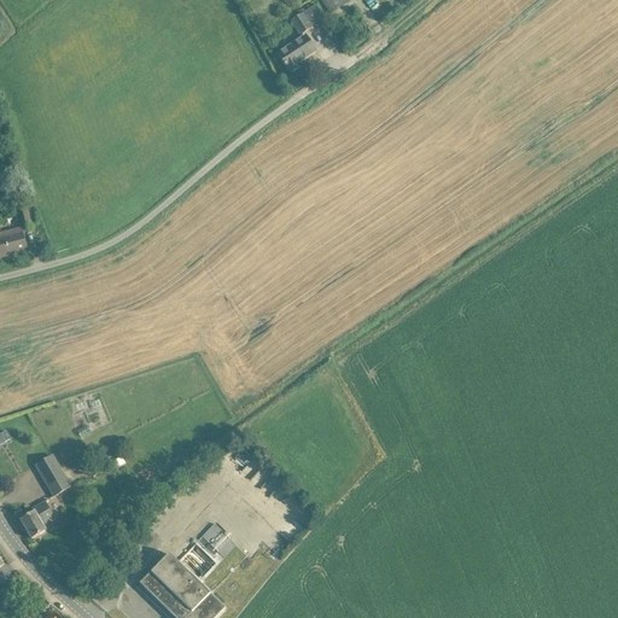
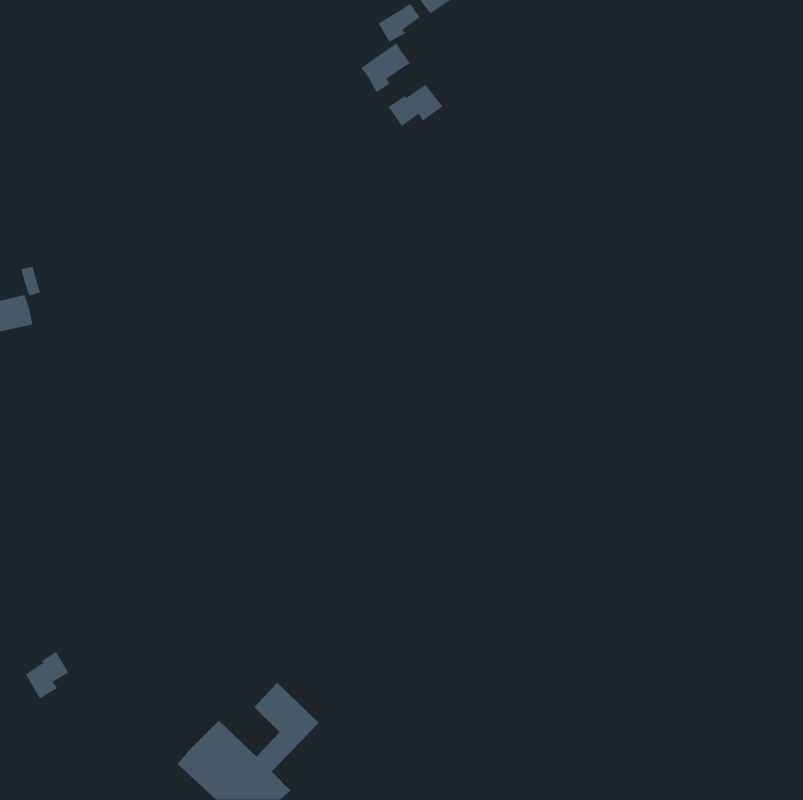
building: none -> [388,84,443,127]
building: [35,453,69,494] -> none

